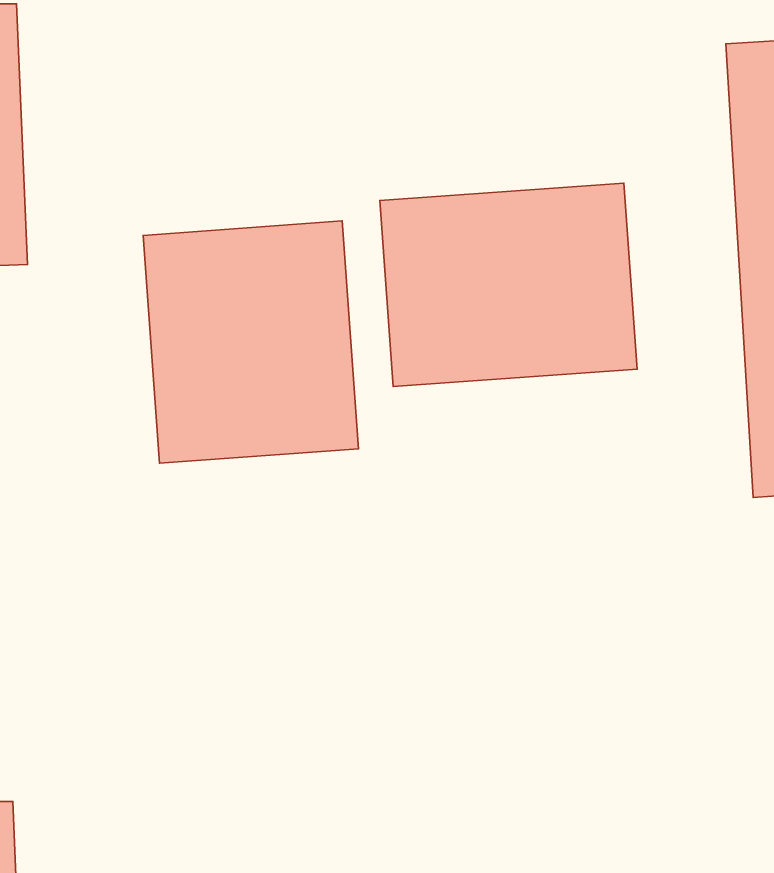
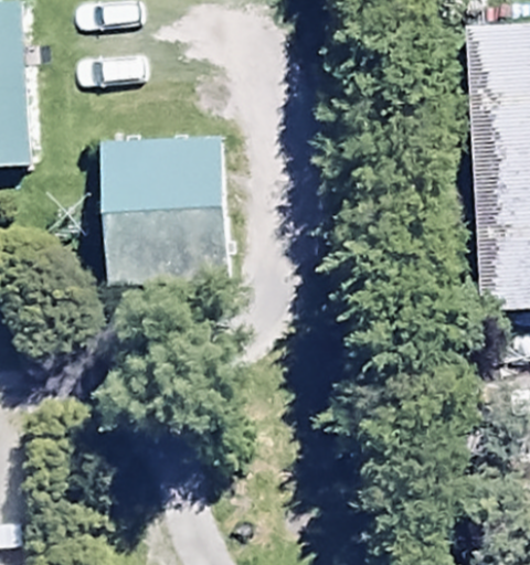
building: [380,183,637,386] -> none

